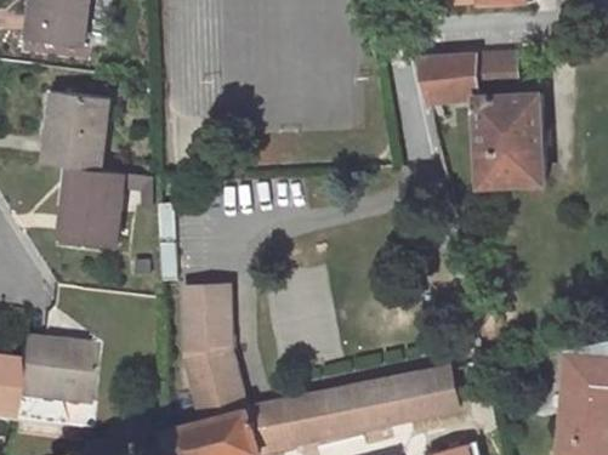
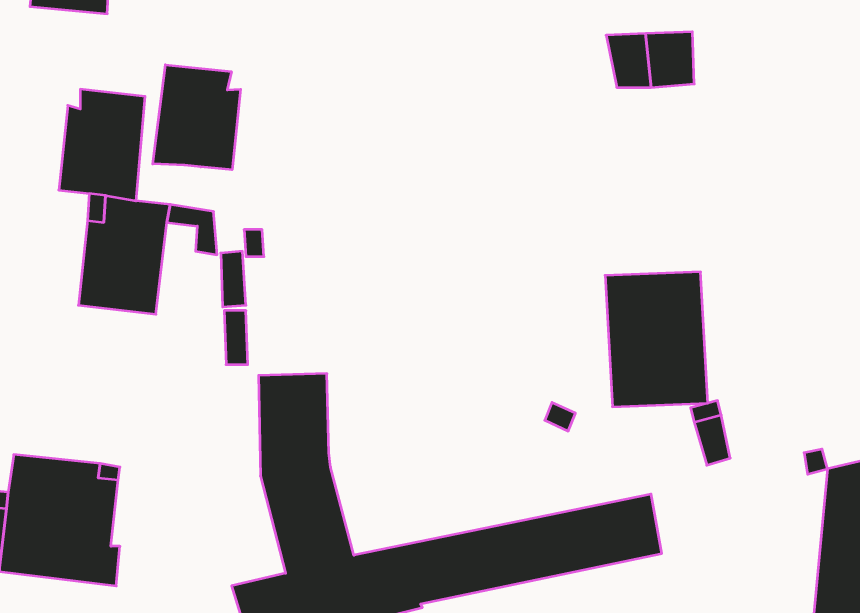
building: [477,52,518,90] -> none
building: none -> [153,65,241,170]
building: [478,93,547,184] -> [605,272,708,407]

